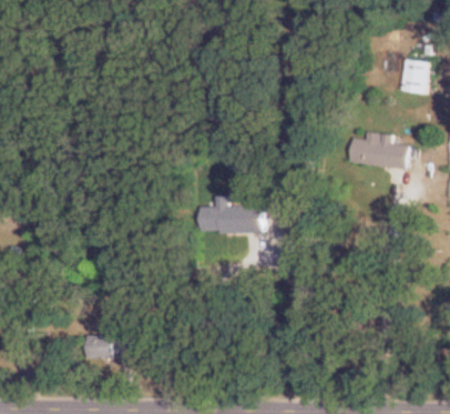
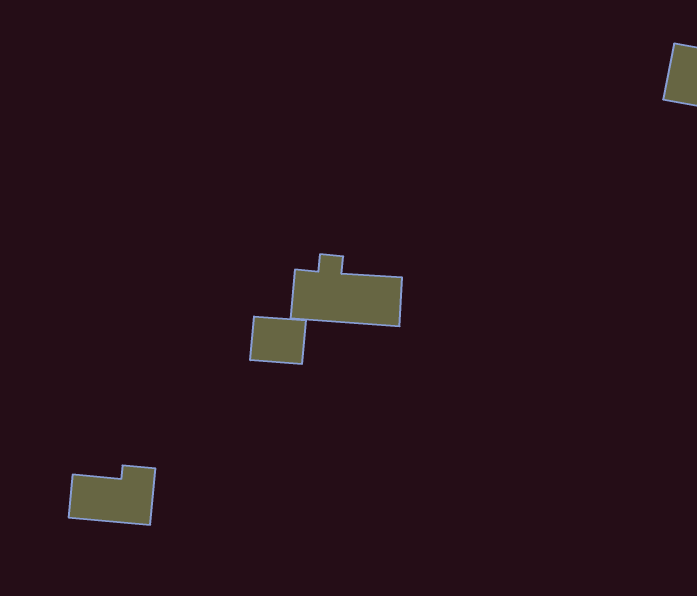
building: [348,132,408,169] -> none
building: none -> [250,316,306,364]

